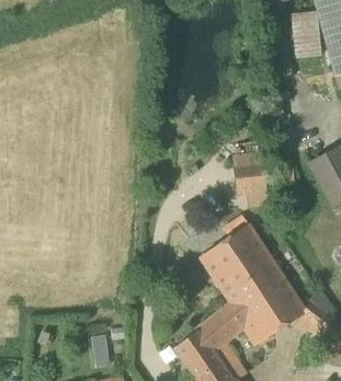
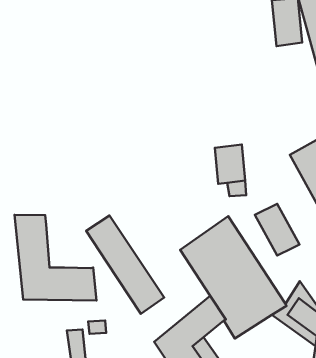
building: none -> [255,204,299,256]
building: none -> [14,215,97,300]
building: none -> [86,215,164,314]

